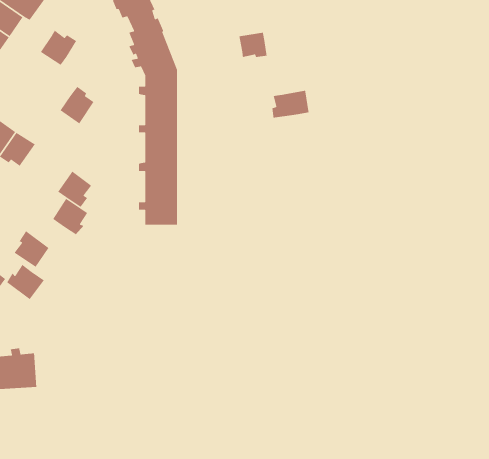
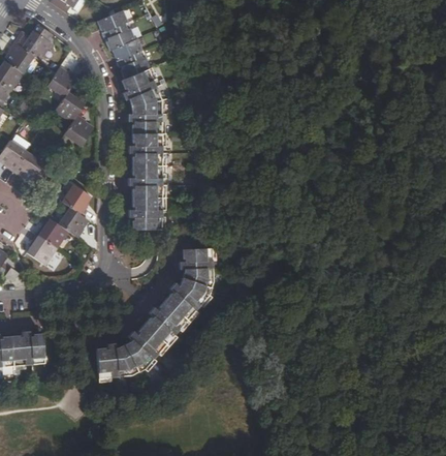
building: [238,32,267,58] -> none
building: none -> [55,90,85,122]
building: [271,90,310,119] -> none
building: none -> [95,248,213,378]
building: [6,264,45,300] -> [35,218,67,248]

